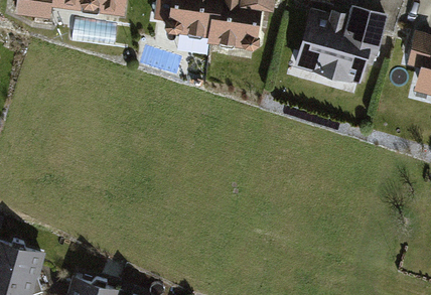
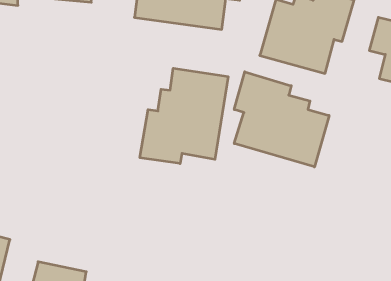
building: none -> [140,68,228,164]
building: none -> [234,72,329,167]

